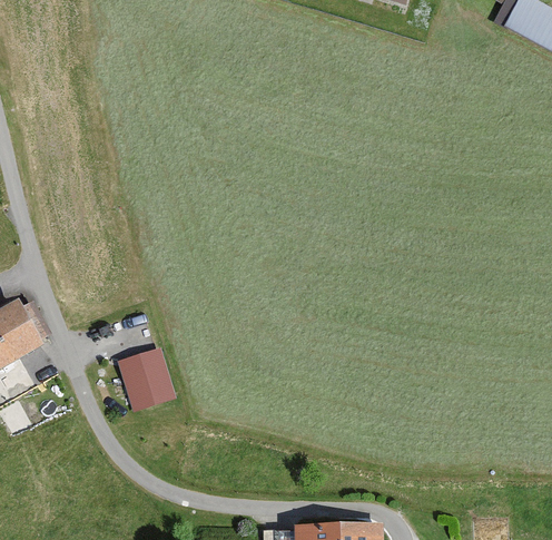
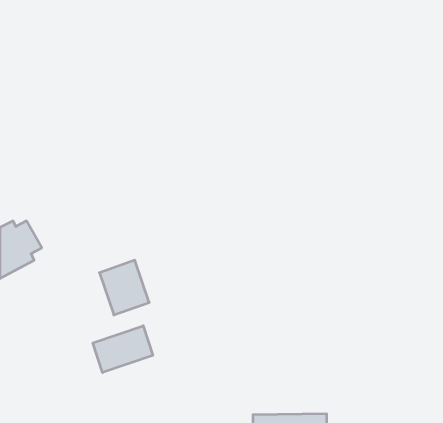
building: none -> [93,326,153,373]

